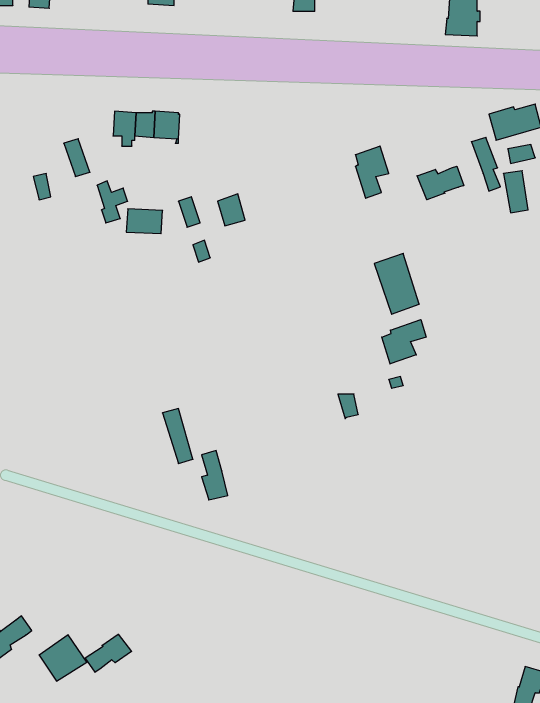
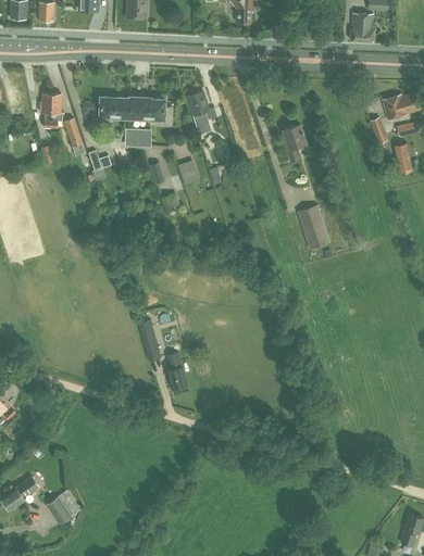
building: none -> [187,90,216,132]
building: none -> [39,92,61,128]
building: none -> [149,99,173,124]
building: [417,166,464,200] -> none
building: [126,209,163,234] -> [124,128,151,147]
building: [382,320,426,364] -> none
building: [85,634,132,672] -> none

